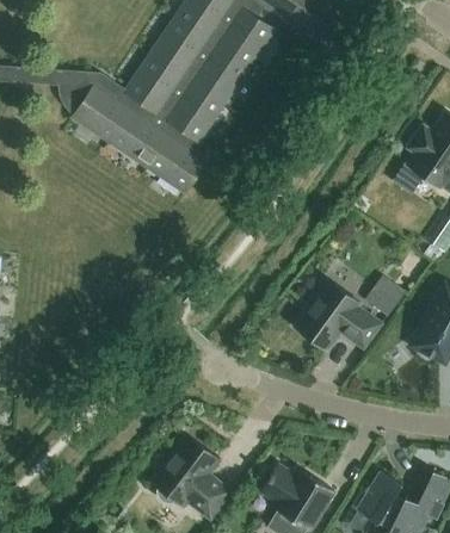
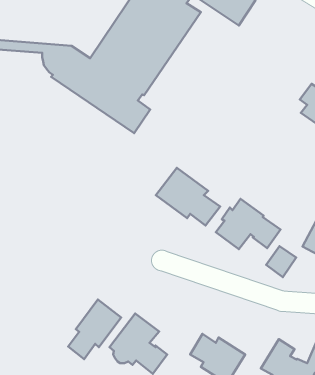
building: none -> [156,168,220,226]
building: [364,275,405,317] -> [266,246,296,277]
building: none -> [68,299,121,359]

